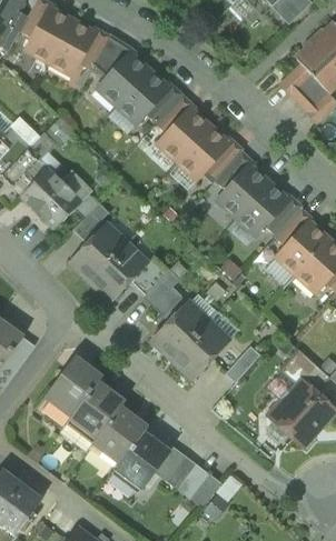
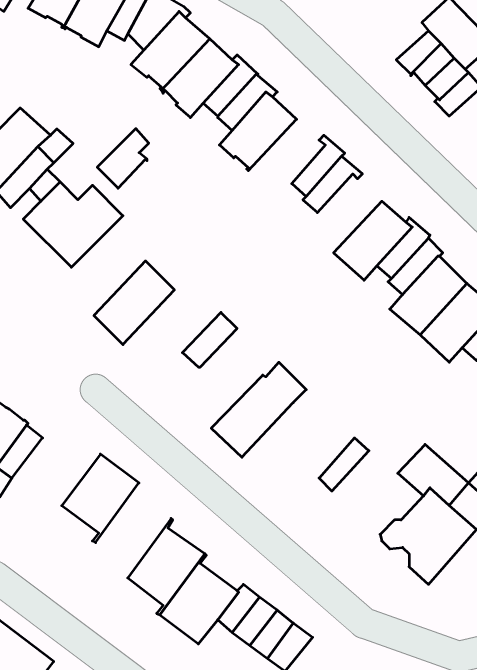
building: [177,126,230,180] -> none
building: [216,163,269,218] -> none
building: [72,202,108,243] -> [97,129,149,188]
building: [90,243,147,300] -> none
building: [144,270,181,314] -> none
building: [172,321,229,378] -> none
building: [71,377,123,442] -> none

